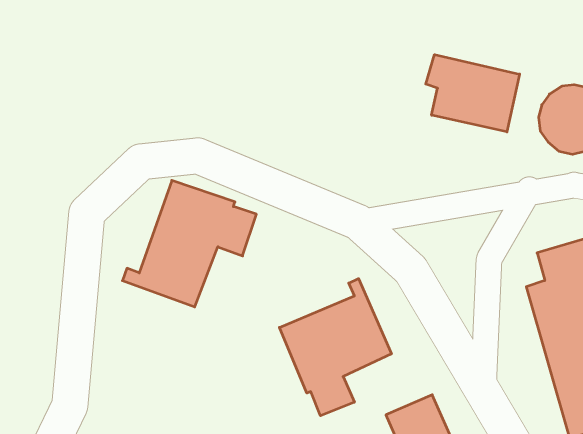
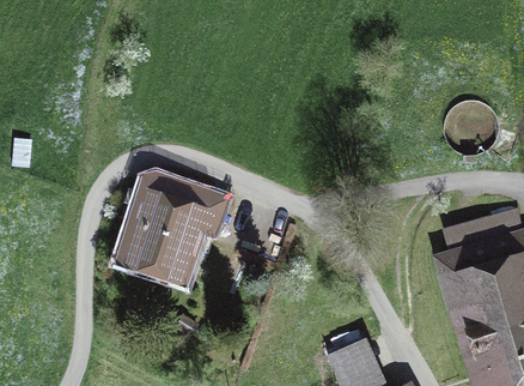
building: [426,55,520,132] -> none
building: [279,279,391,416] -> none

